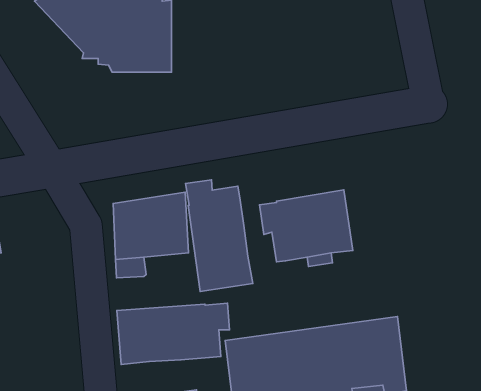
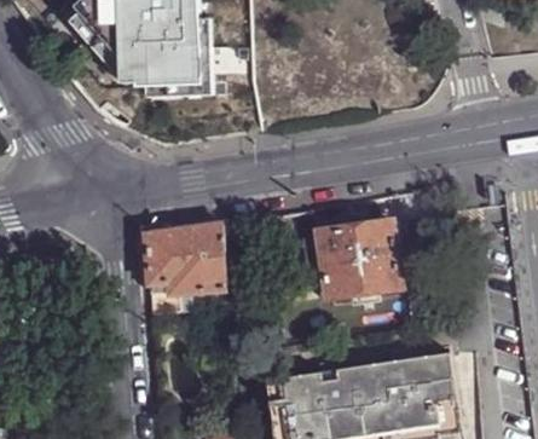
building: [186,180,253,292] -> none
building: [117,303,230,365] -> none

